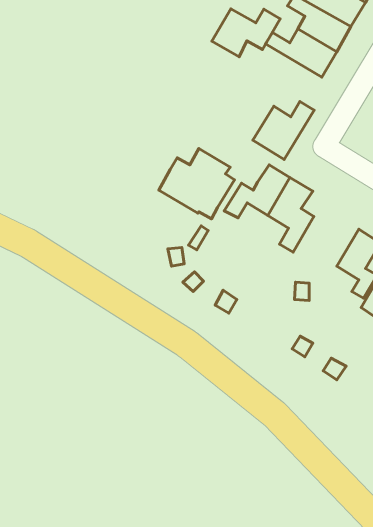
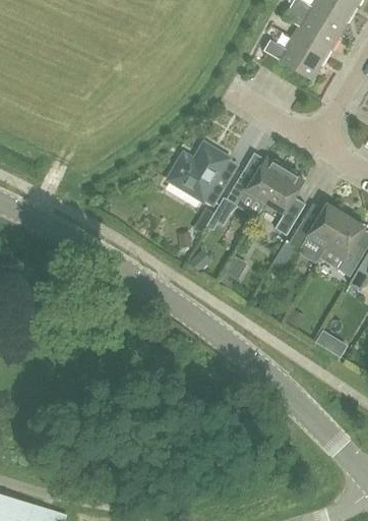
building: [212,9,280,57] -> none
building: [253,102,314,159] -> none
building: none -> [289,204,346,263]

